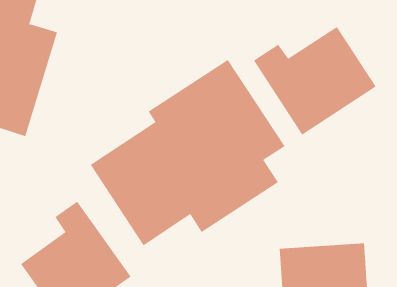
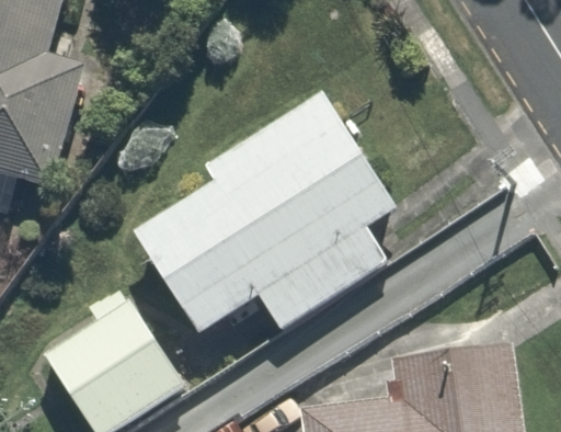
building: [253,26,376,136] -> none

